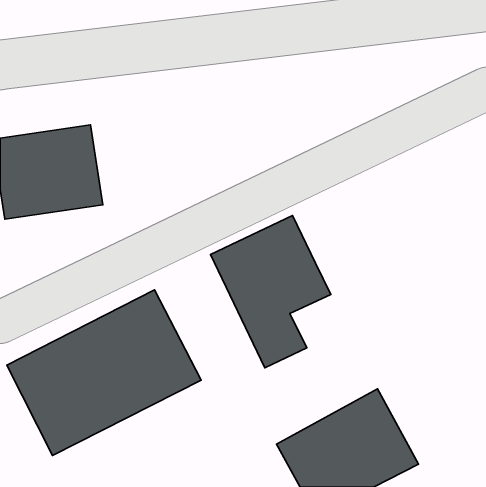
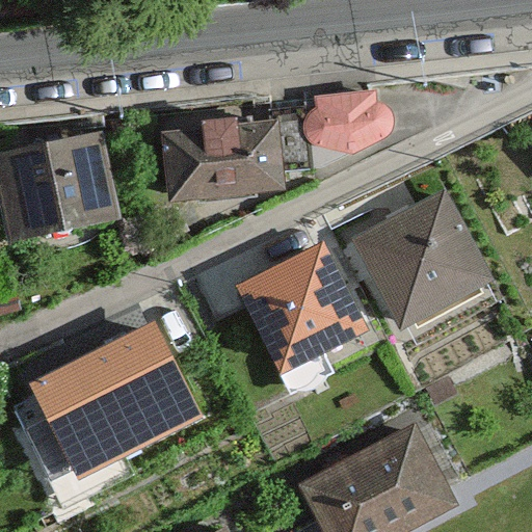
building: none -> [307,96,396,177]
building: none -> [161,107,278,191]
building: none -> [356,191,490,332]

